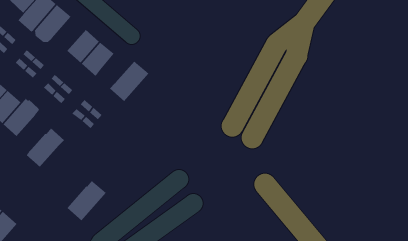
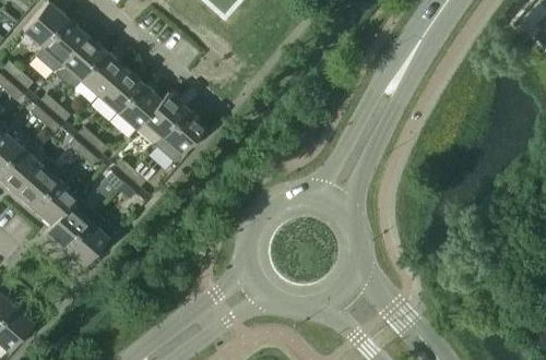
building: none -> [80,52,123,97]
building: none -> [143,93,187,139]
building: none -> [33,181,78,226]
building: [66,180,106,221] -> [63,214,116,267]

